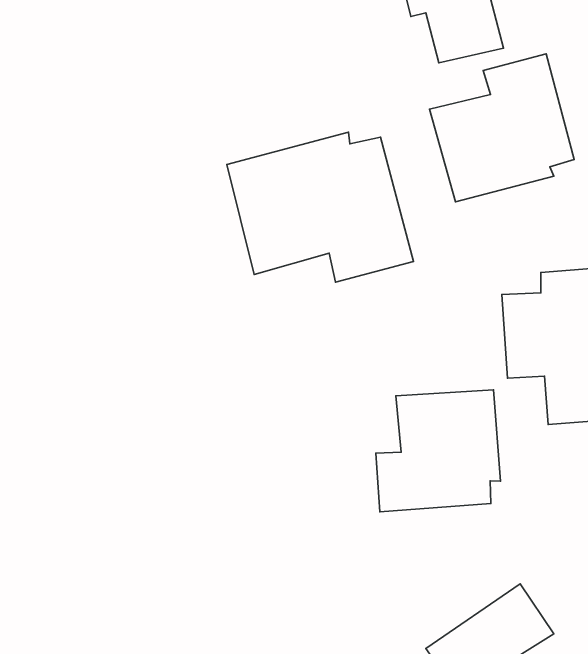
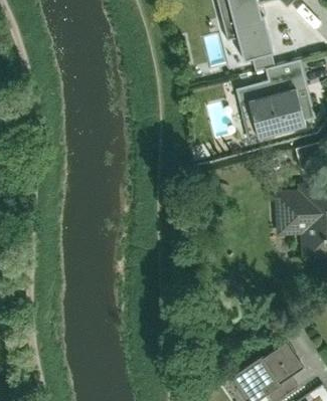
building: [227,132,414,282] -> none
building: [376,390,500,512] -> none

